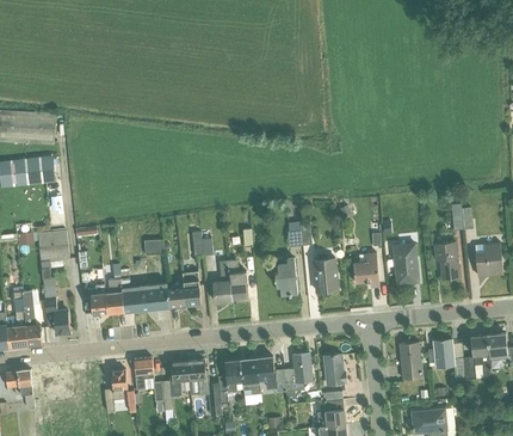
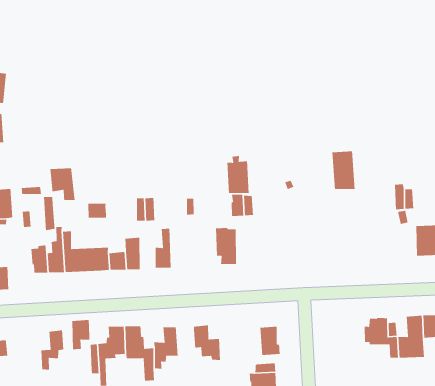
building: none -> [43,167,75,231]
building: [433,241,458,280] -> none
building: [393,242,419,283] -> [332,151,356,190]
building: [313,252,338,291] -> [227,155,250,194]
building: [353,252,379,287] -> none
building: [228,259,249,301] -> none
building: [400,342,422,379] -> none
building: [284,352,311,397] -> none
building: [240,358,261,405] -> none

